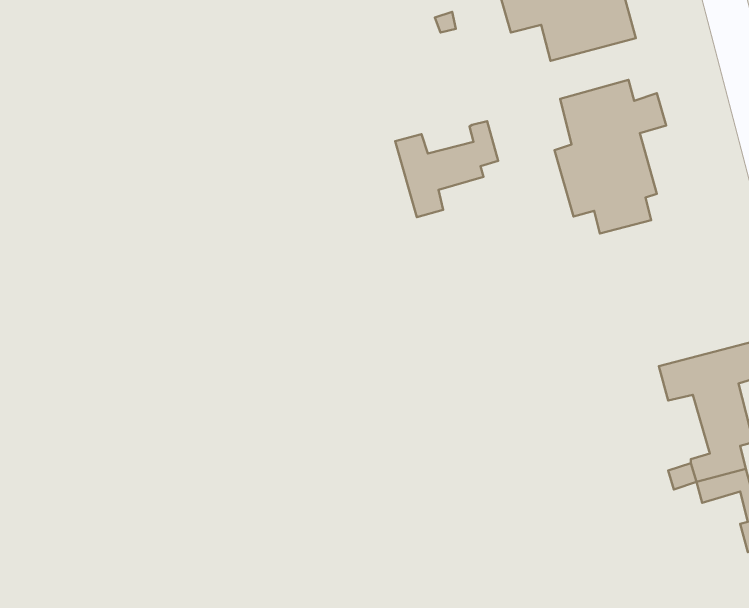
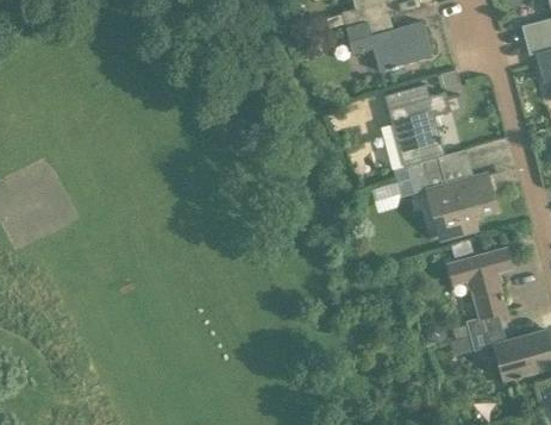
building: [395,121,498,217] -> none
building: none -> [409,171,495,239]

